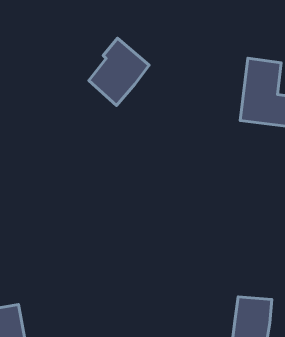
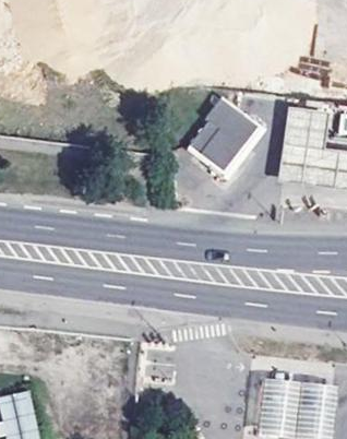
building: [89,38,149,105] -> [192,91,261,167]

